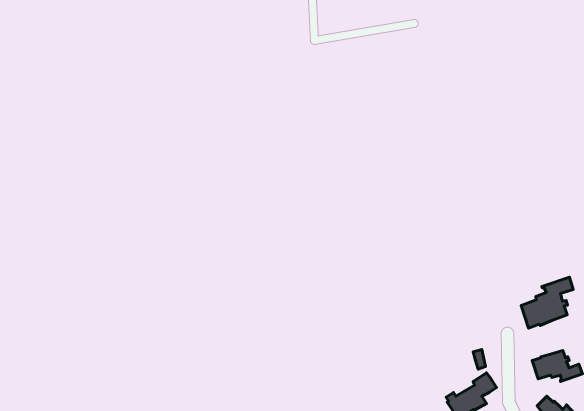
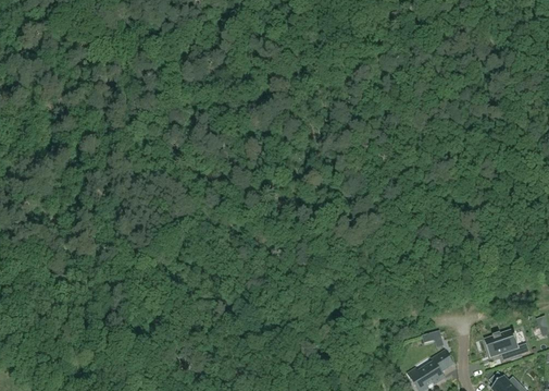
building: [521,277,573,328] -> none

